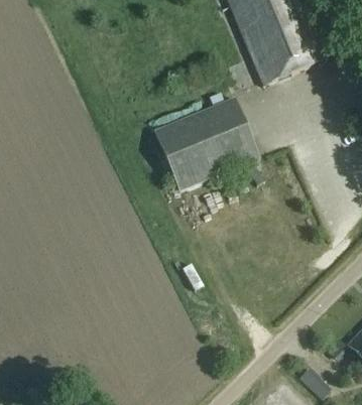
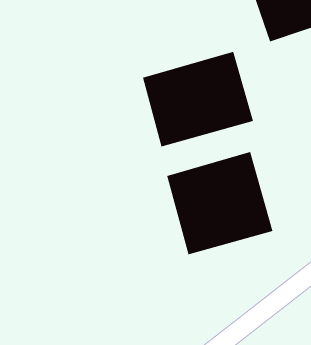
building: none -> [166,151,273,255]

